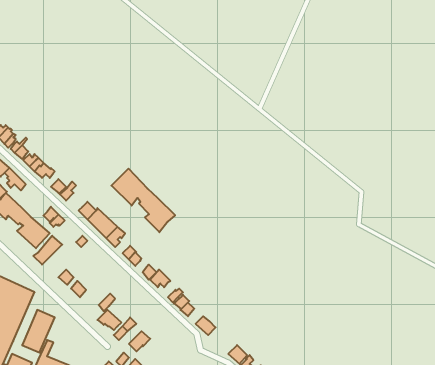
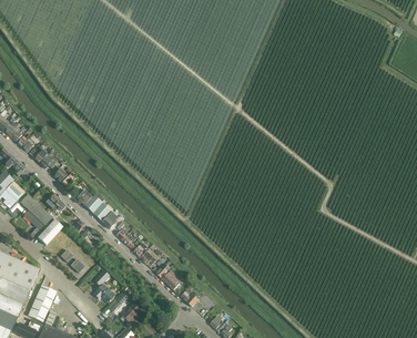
building: [111,169,175,232] -> none

